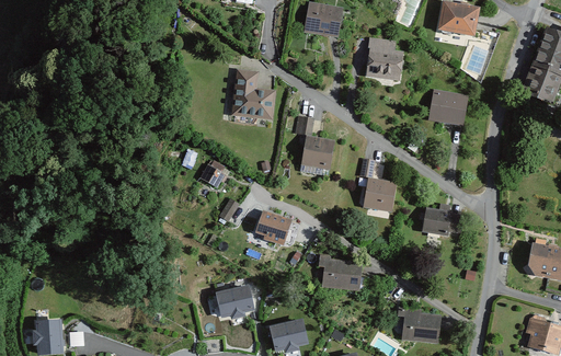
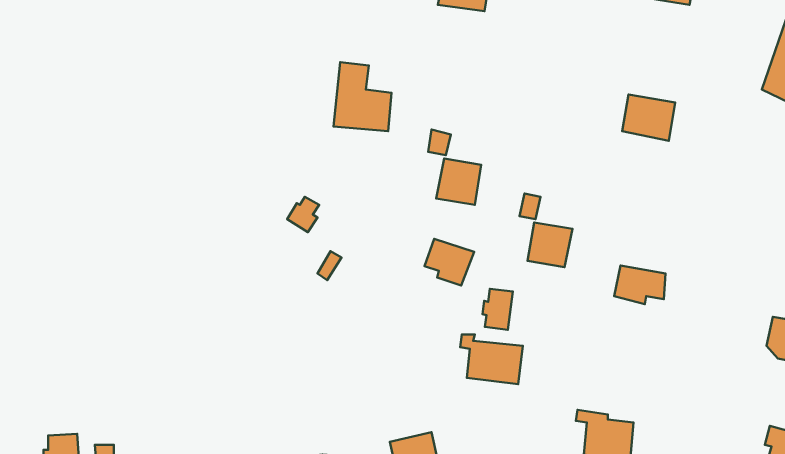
building: [367,38,400,78] -> none
building: [259,210,293,242] -> [424,239,474,285]
building: none -> [483,289,513,330]
building: [218,288,251,315] -> none

